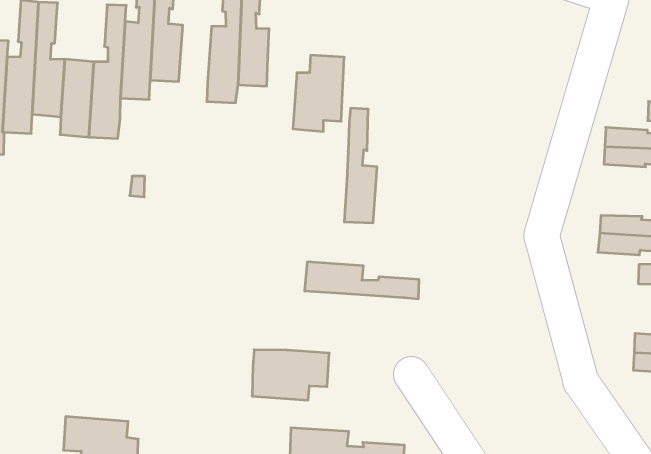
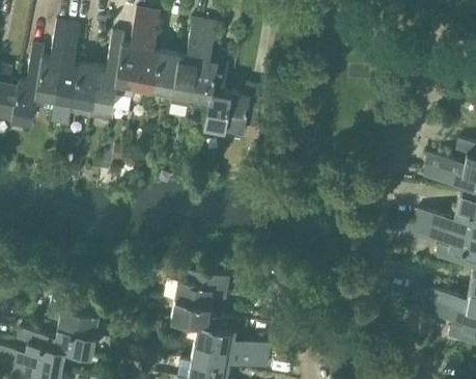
building: none -> [153,53,179,92]
building: [344,108,377,223] -> [205,53,231,130]
building: [305,262,419,299] -> [171,301,247,334]

